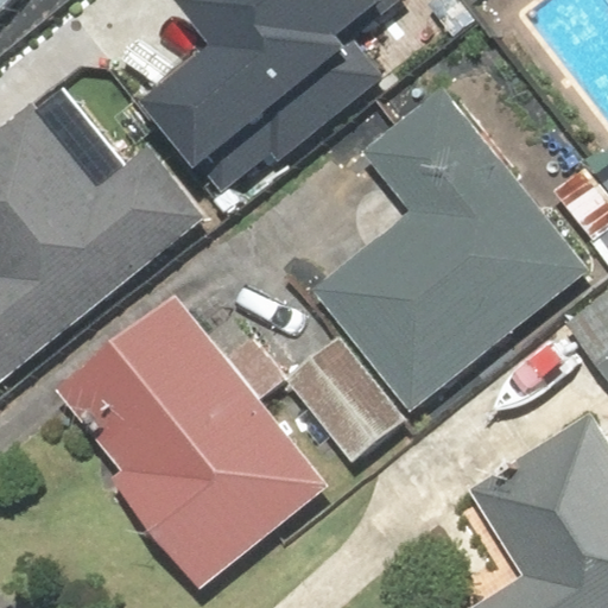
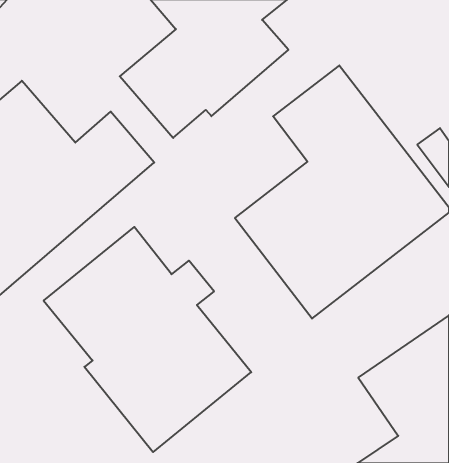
building: [281,336,405,466] -> none

